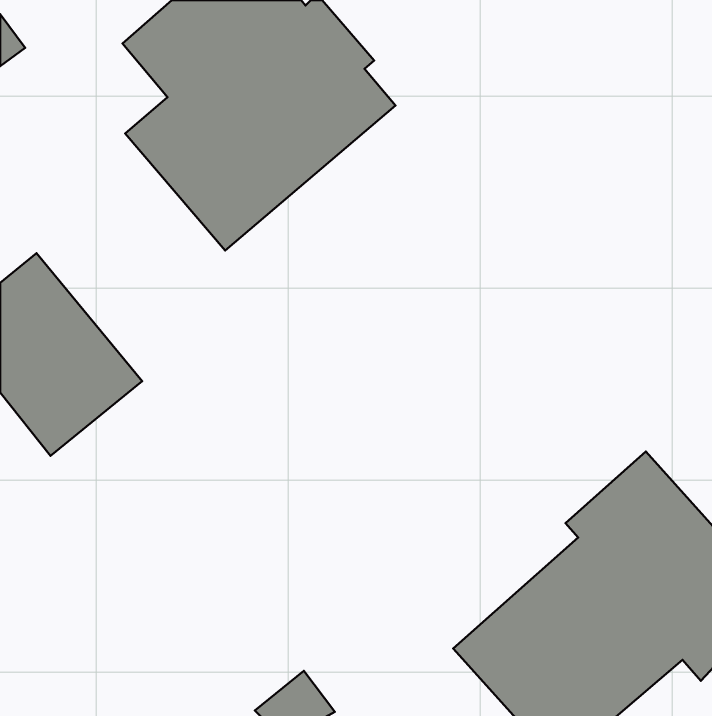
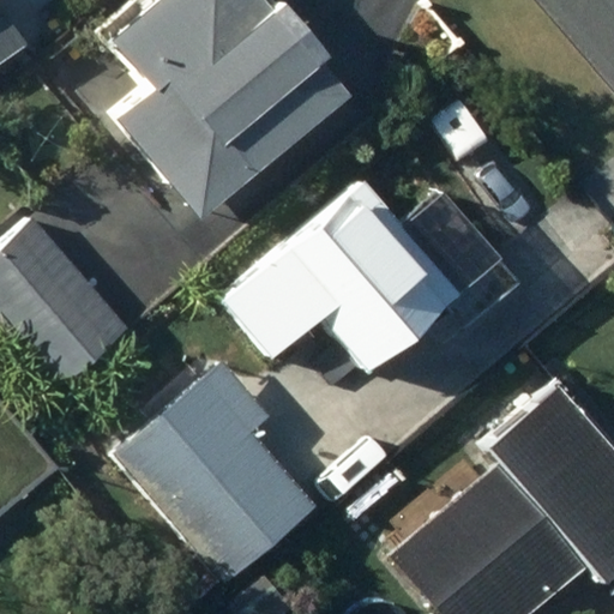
building: none -> [223,180,459,369]
building: none -> [114,359,314,582]

